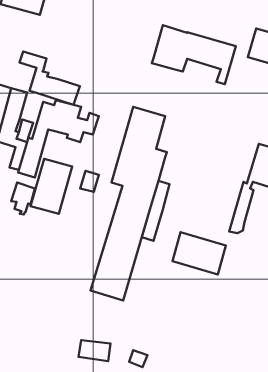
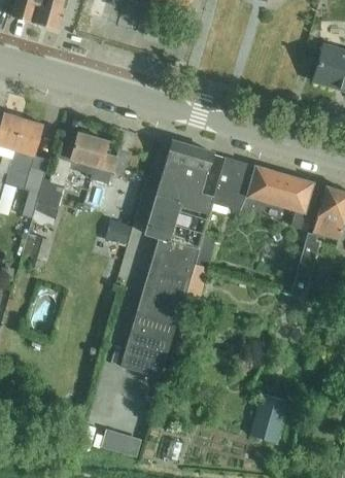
building: [152,25,236,84] -> [211,157,314,229]
building: [20,52,80,105] -> none
building: [31,159,72,214] -> none
building: [172,232,226,274] -> none
building: none -> [250,392,288,442]

